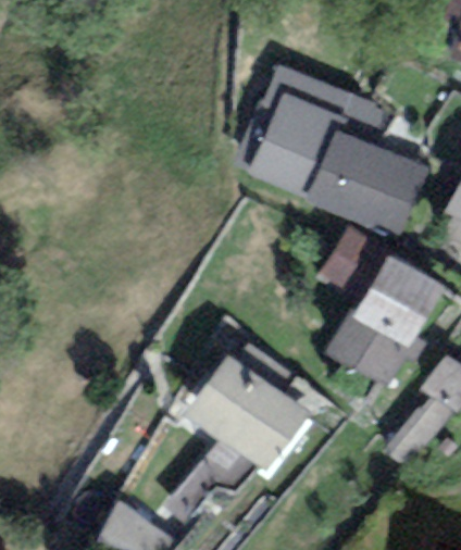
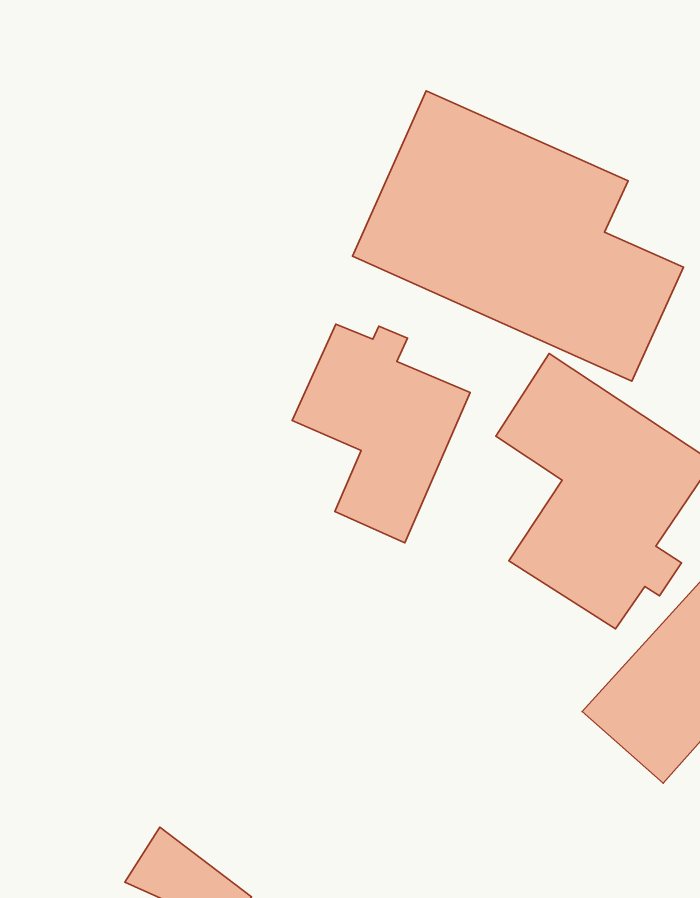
building: none -> [292,324,470,543]
building: [166,348,312,533] -> none

